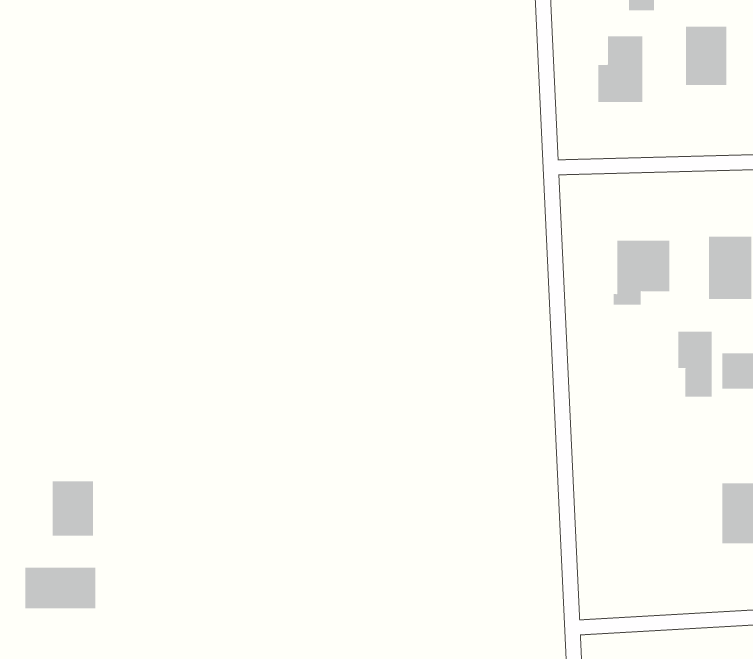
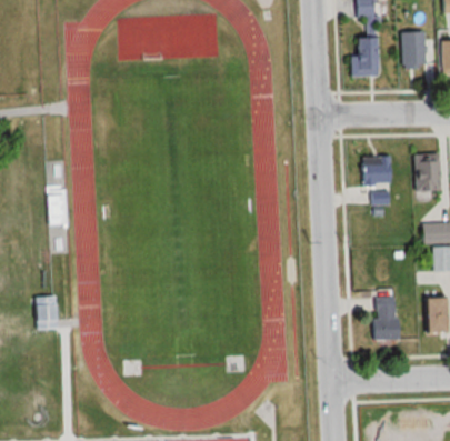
building: [678,331,712,397] -> none
building: none -> [372,297,402,339]
building: [25,567,96,609] -> none

